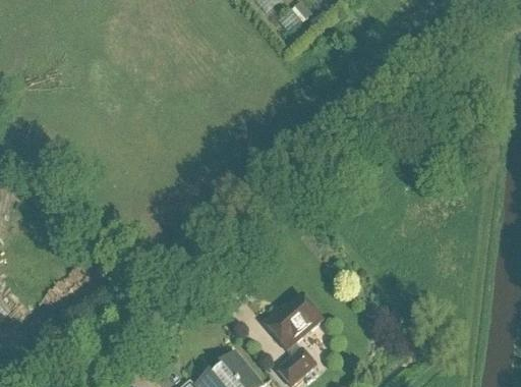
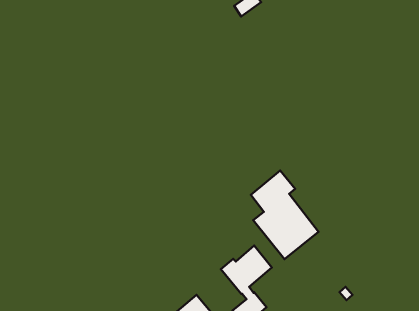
building: none -> [251,171,319,259]

